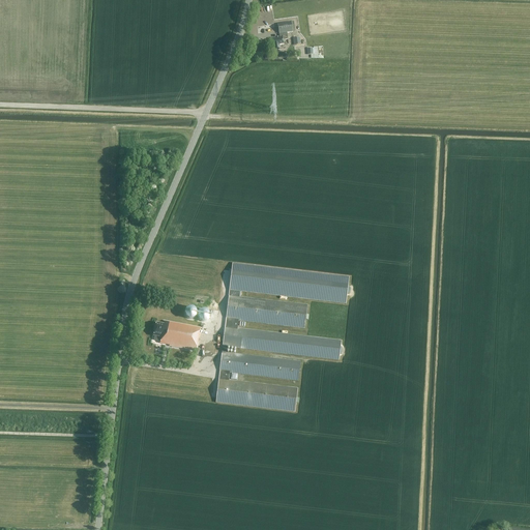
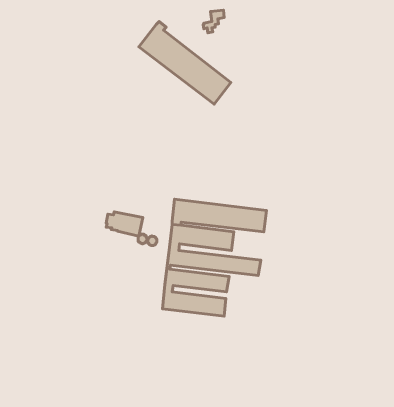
building: none -> [139,21,231,104]
building: [154,320,201,351] -> [106,212,143,236]

